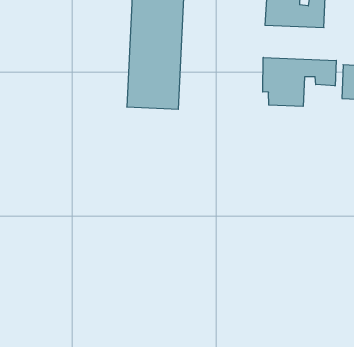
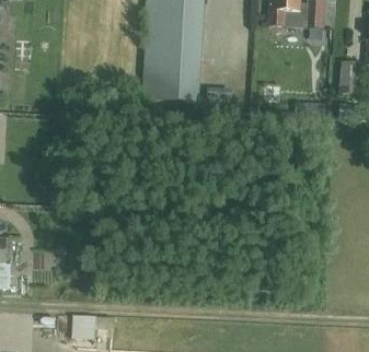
building: [263,57,336,106] -> none

